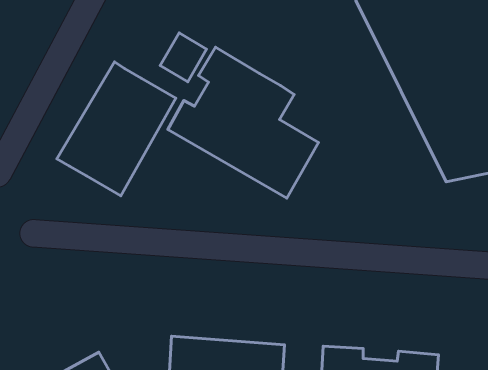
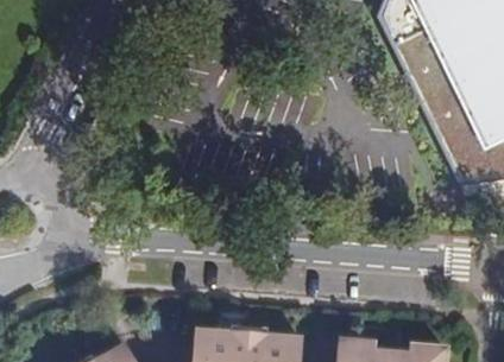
building: [168,47,319,198] -> none
building: [57,62,176,196] -> none

